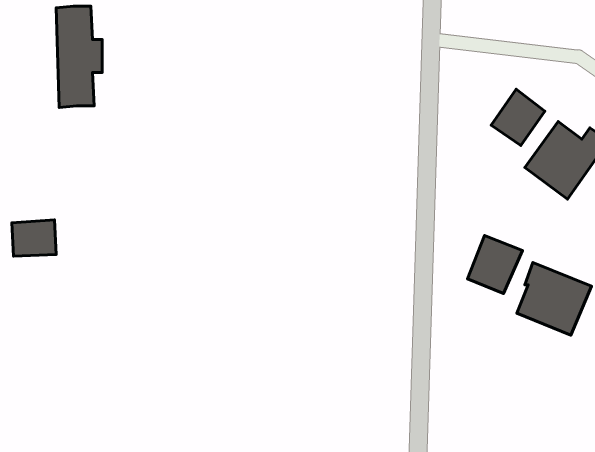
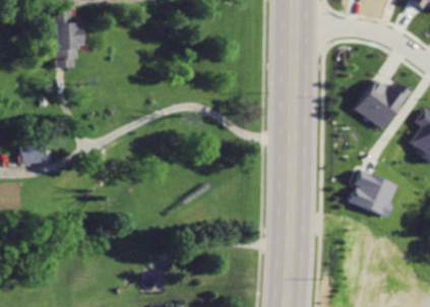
building: [491,89,545,146] -> none
building: [467,235,522,294] -> none

